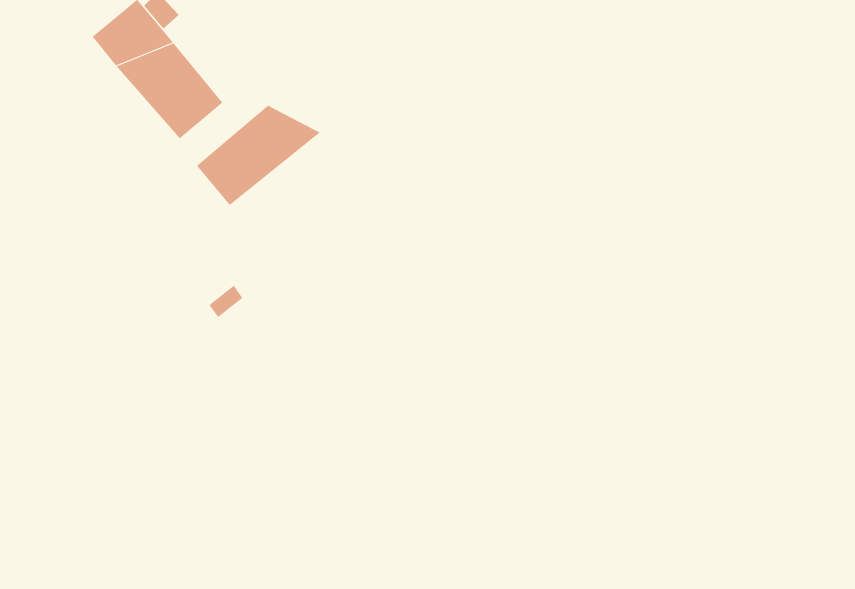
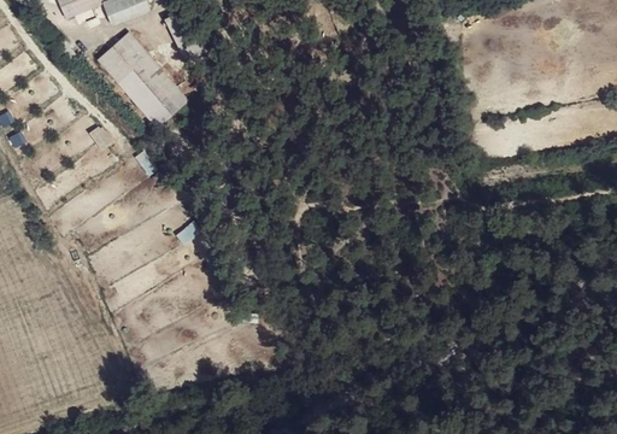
building: [196,105,321,206] -> none

